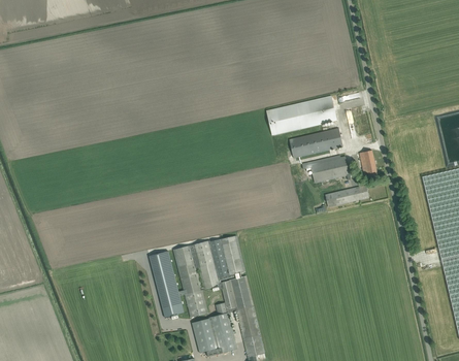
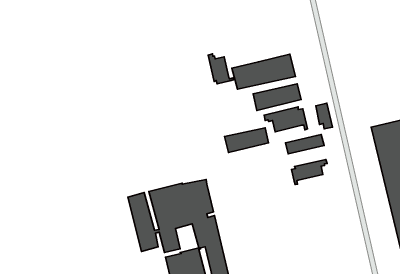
building: none -> [208,54,233,84]
building: none -> [225,128,269,152]
building: none -> [291,159,327,185]

